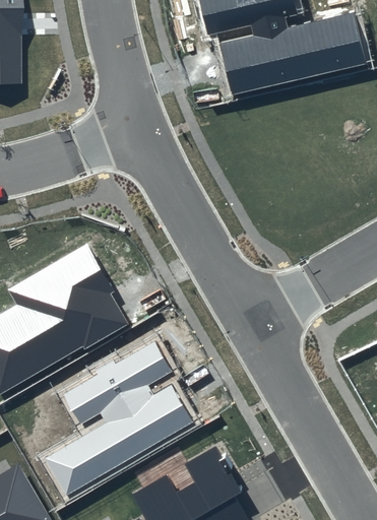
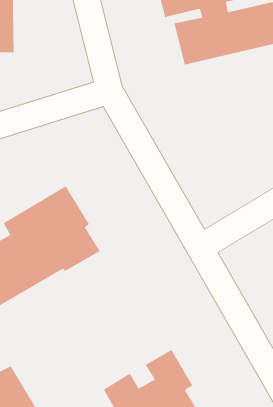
building: [46,341,194,496] -> none

